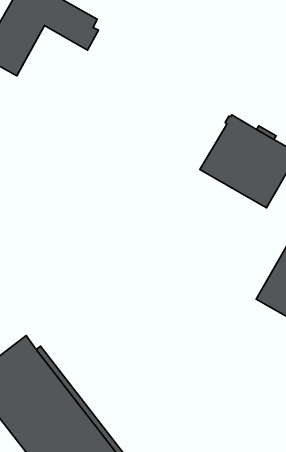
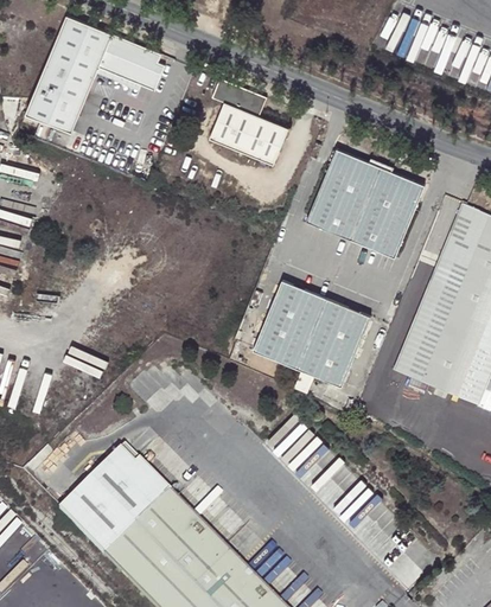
building: none -> [209,77,288,164]
building: none -> [251,280,368,385]

